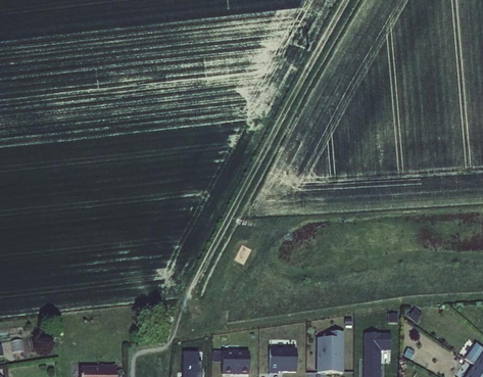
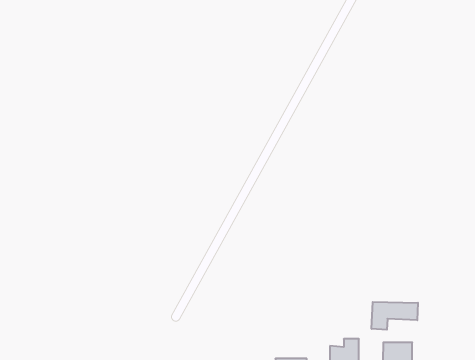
building: none -> [372,302,418,330]

